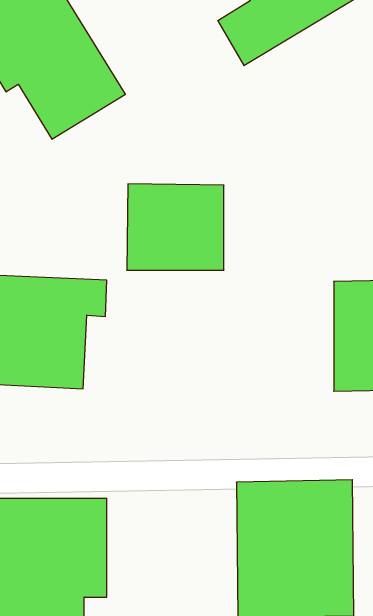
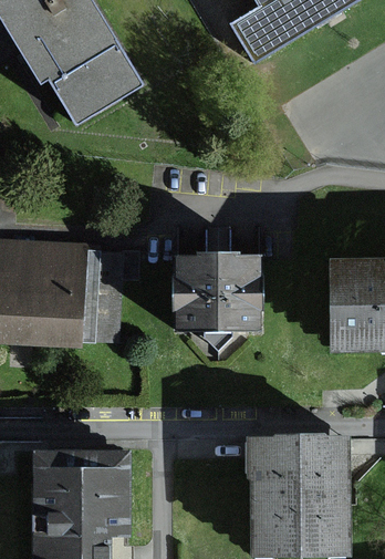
building: [127,184,224,270] -> [171,258,258,334]

